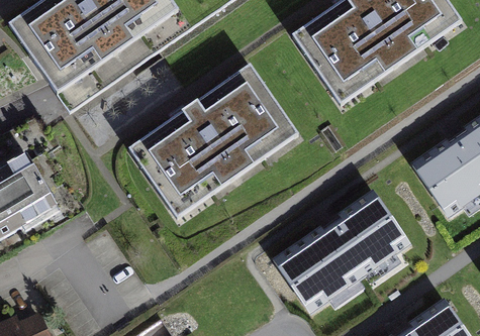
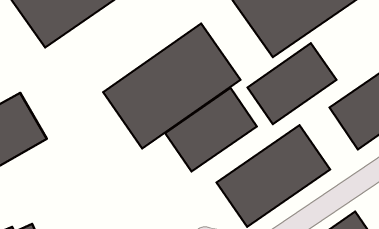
building: none -> [247,43,336,124]
building: none -> [165,88,257,171]

